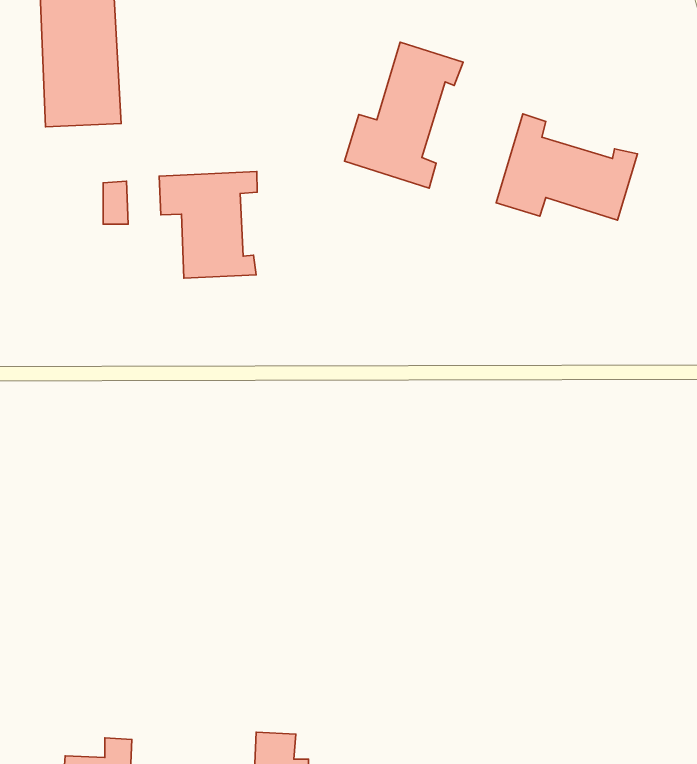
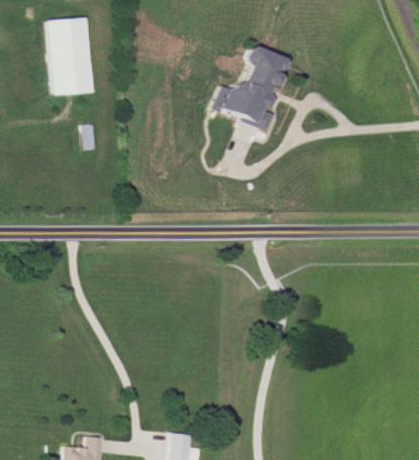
building: [496,114,637,220] -> none
building: [159,171,257,278] -> none

